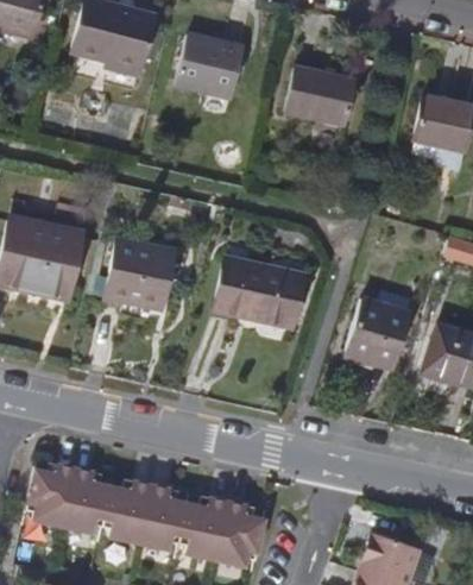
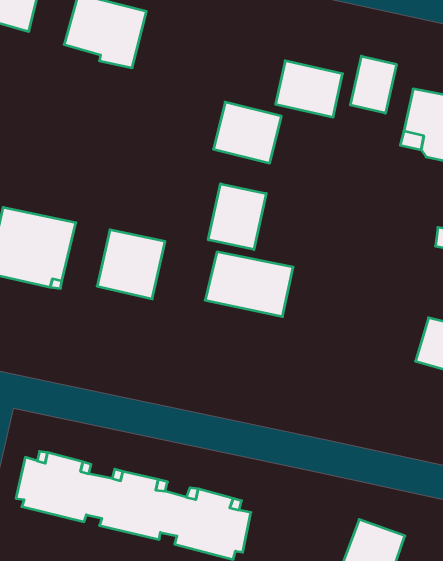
building: [176,34,245,96] -> [213,102,281,163]
building: none -> [350,56,396,113]
building: none -> [208,184,266,250]
building: [347,298,414,369] -> none

